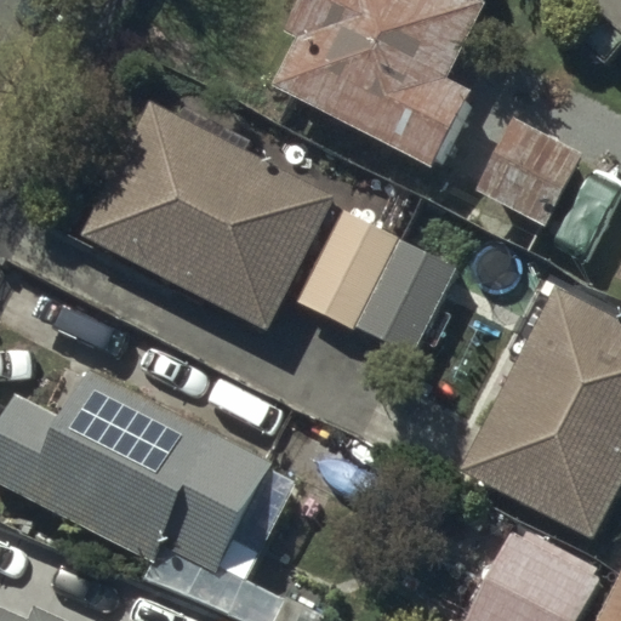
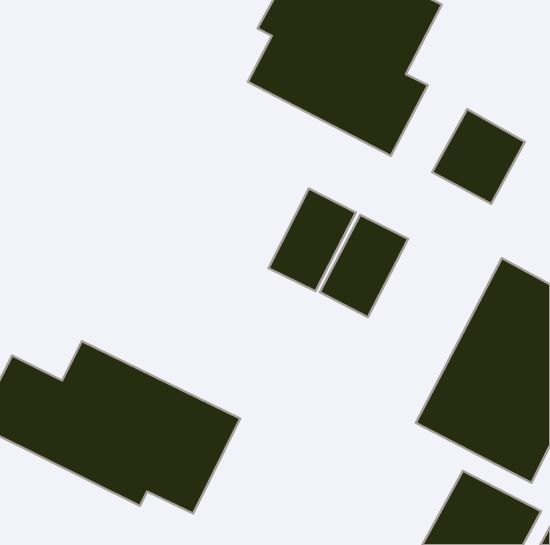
building: [86,106,331,325] -> none

